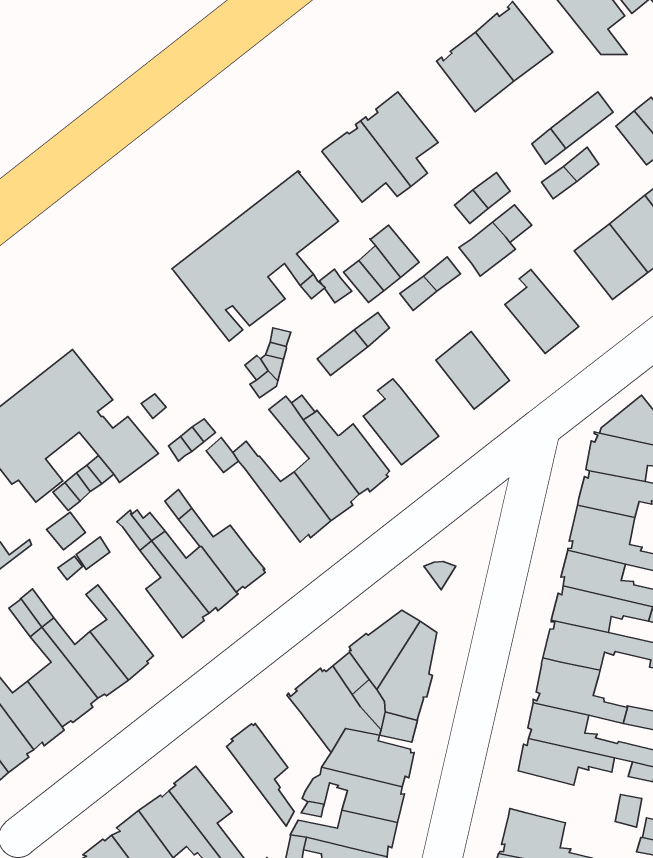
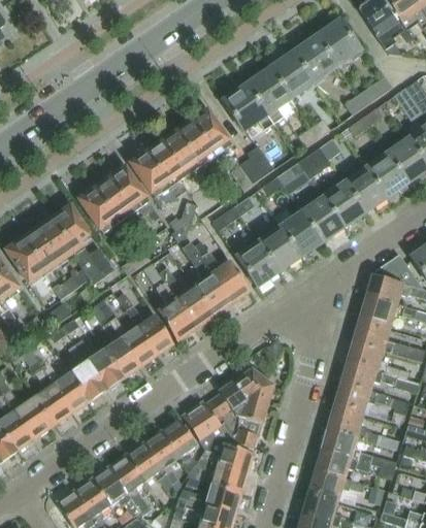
building: none -> [268,52,313,99]
building: none -> [339,167,386,211]
building: none -> [78,167,161,233]
building: none -> [302,196,345,240]
building: none -> [259,226,301,270]
building: none -> [156,282,195,339]
building: none -> [75,339,123,388]
building: none -> [162,419,198,472]
building: none -> [126,443,176,497]
building: none -> [307,468,365,500]

